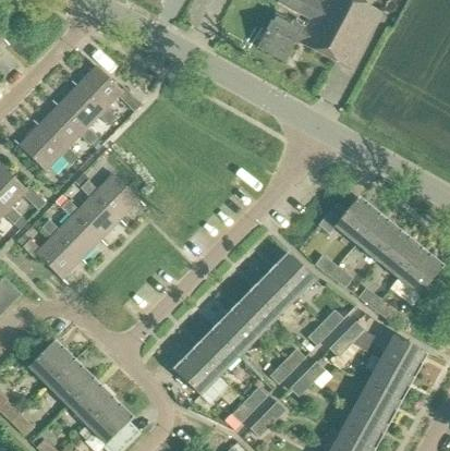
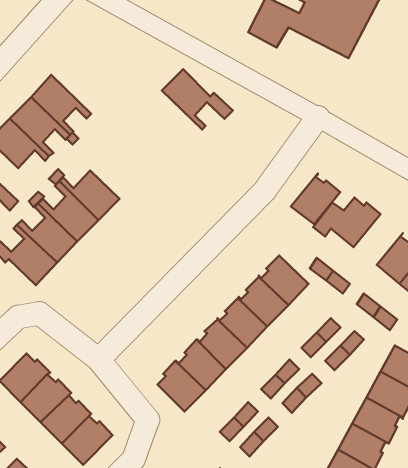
building: [76,65,142,121] -> [162,69,233,130]
building: [355,214,401,260] -> [291,173,340,224]

